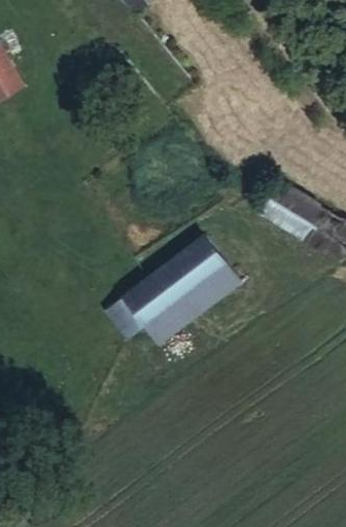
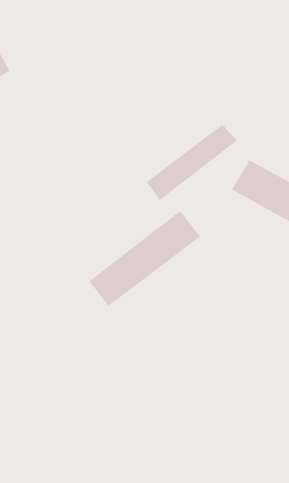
building: [142,262,239,344] -> [146,124,238,201]

